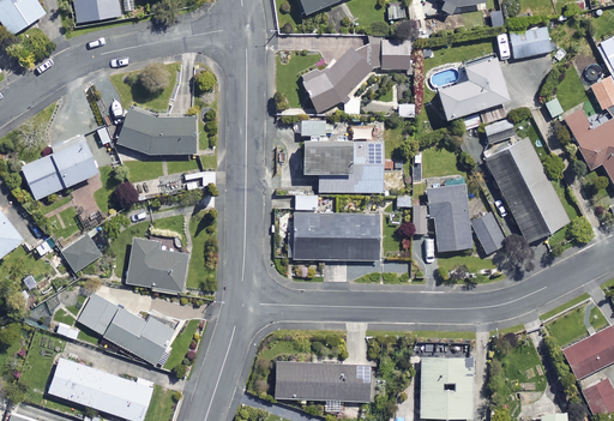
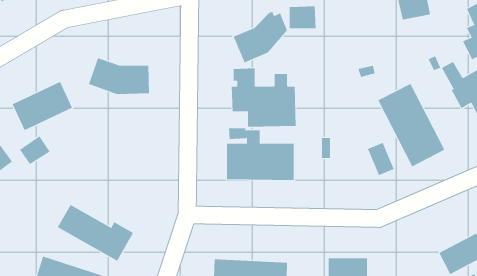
building: [433,59,504,121] -> none
building: [476,121,514,145] -> none
building: [426,185,471,253] -> none
building: [64,234,103,271] -> [19,135,50,165]
building: [128,236,188,294] -> none

